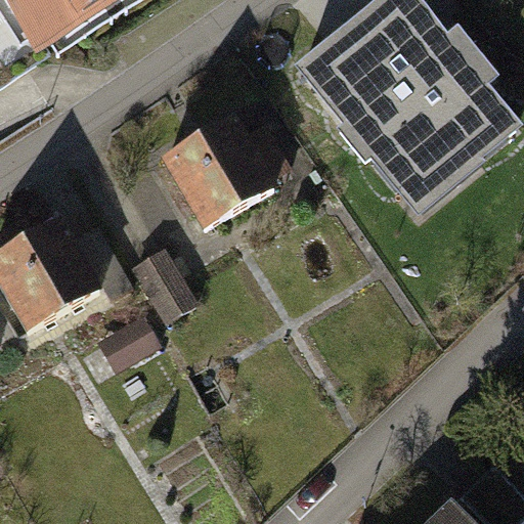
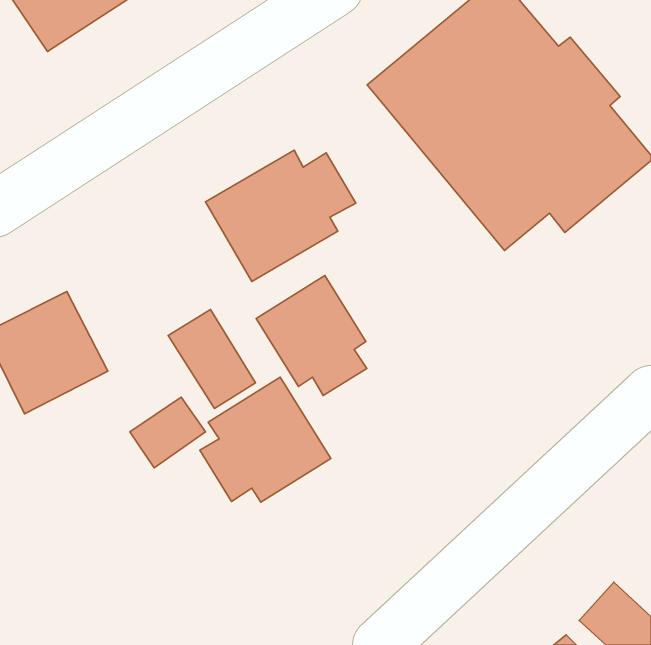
building: none -> [256,276,367,395]
building: none -> [200,377,331,502]

